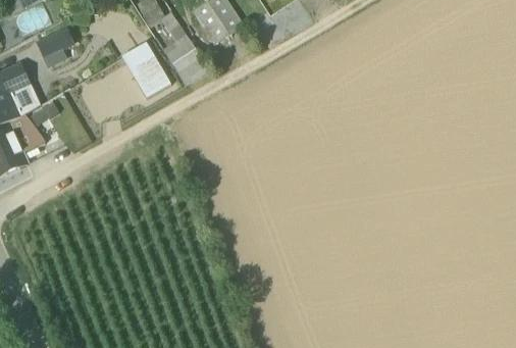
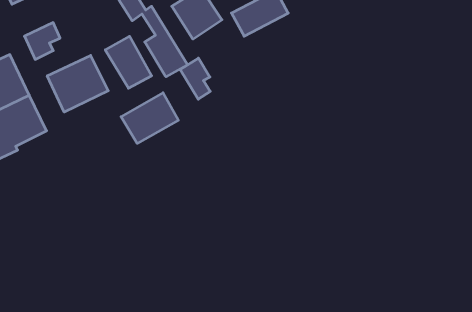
building: none -> [47,55,108,112]
building: none -> [180,58,210,99]
building: none -> [121,93,178,143]

